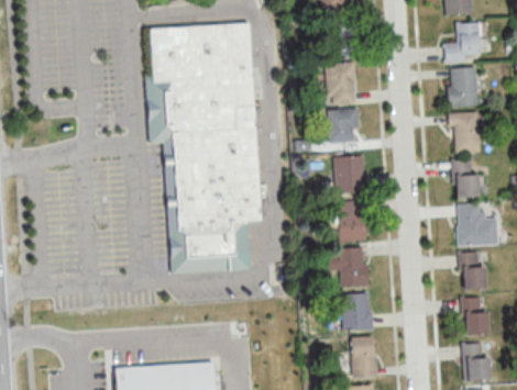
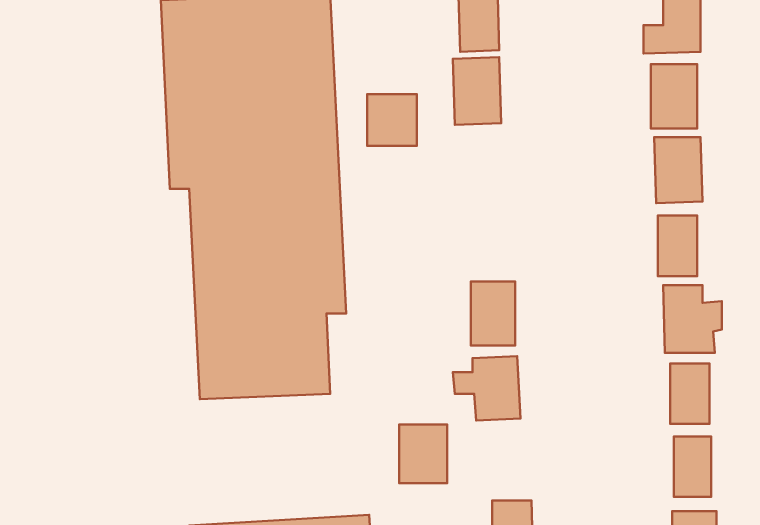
building: [329,110,360,142] -> [367,94,417,146]
building: [334,155,365,194] -> none
building: [342,293,372,330] -> [399,424,447,483]

